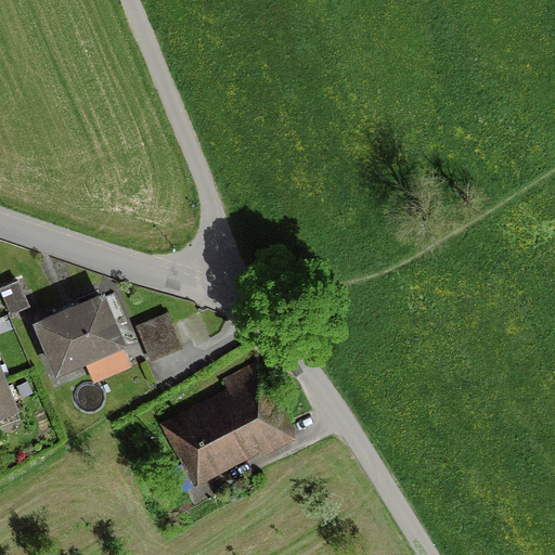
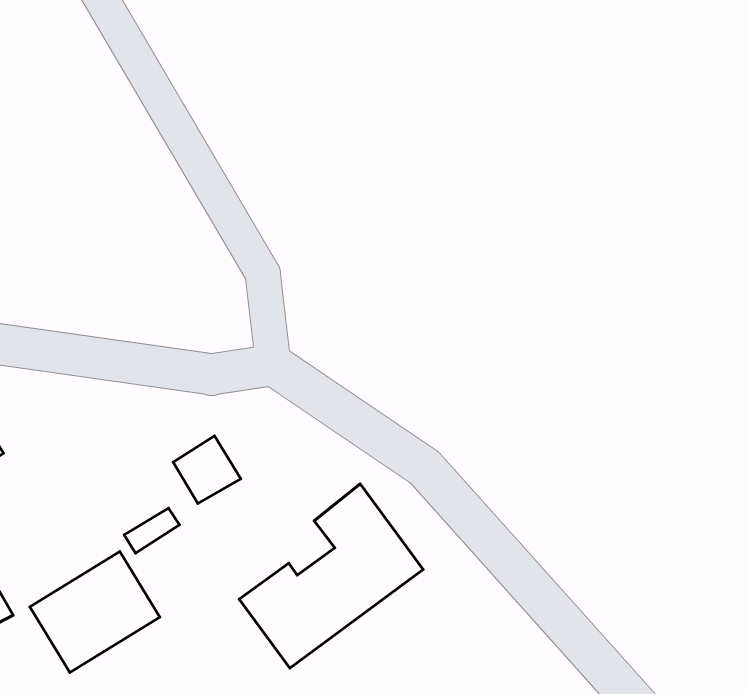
building: [36,300,119,374] -> [30,552,160,673]

